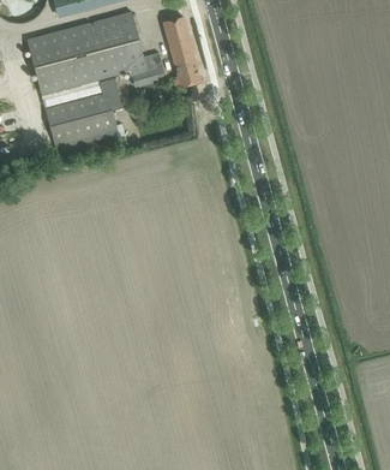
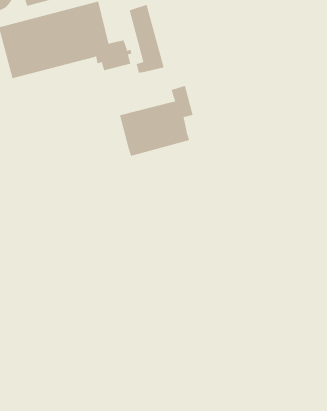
building: [44,76,122,150] -> [119,85,194,156]

